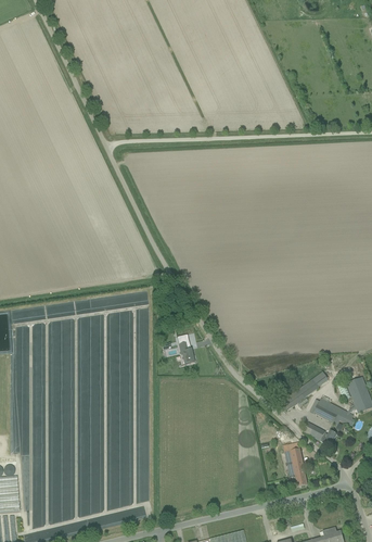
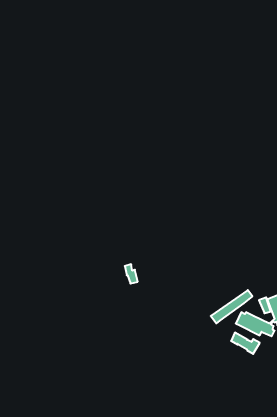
building: [284,442,307,486] -> none

